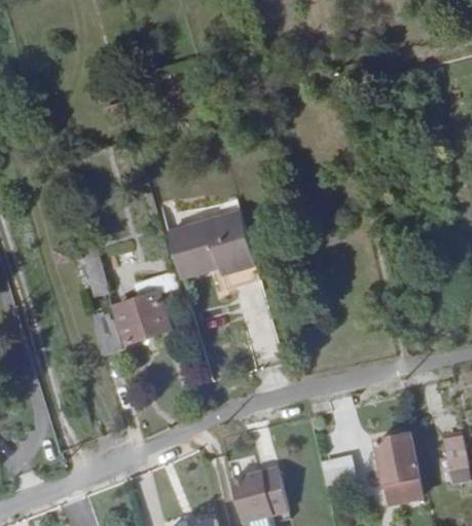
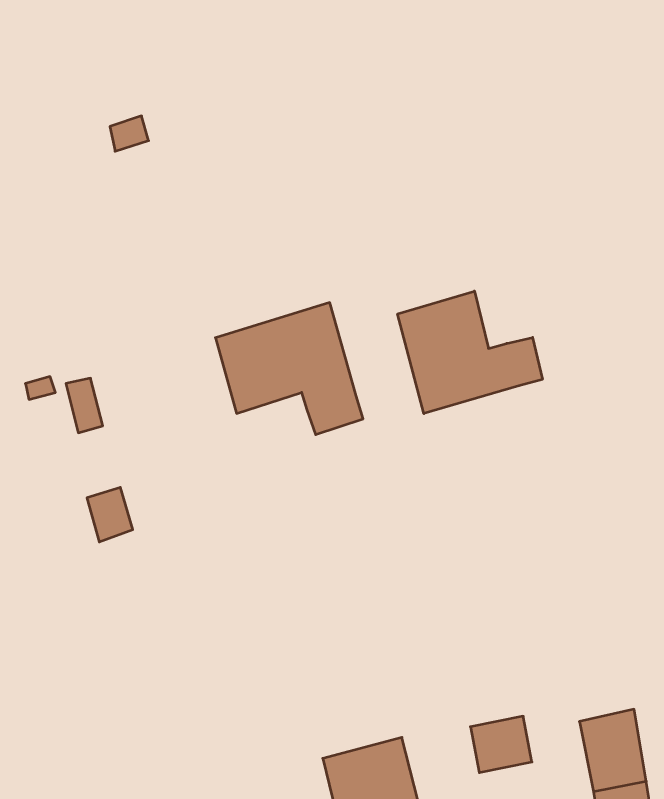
building: none -> [398,291,542,414]
building: [112,288,166,338] -> none

